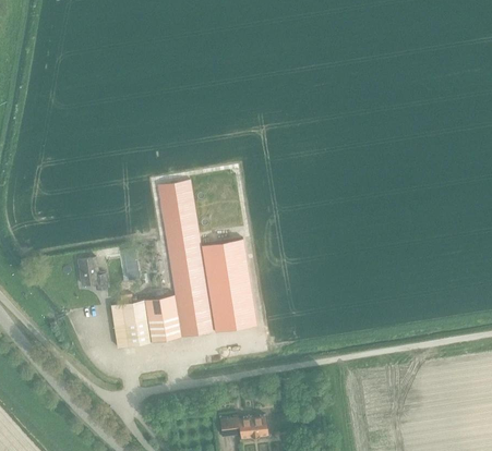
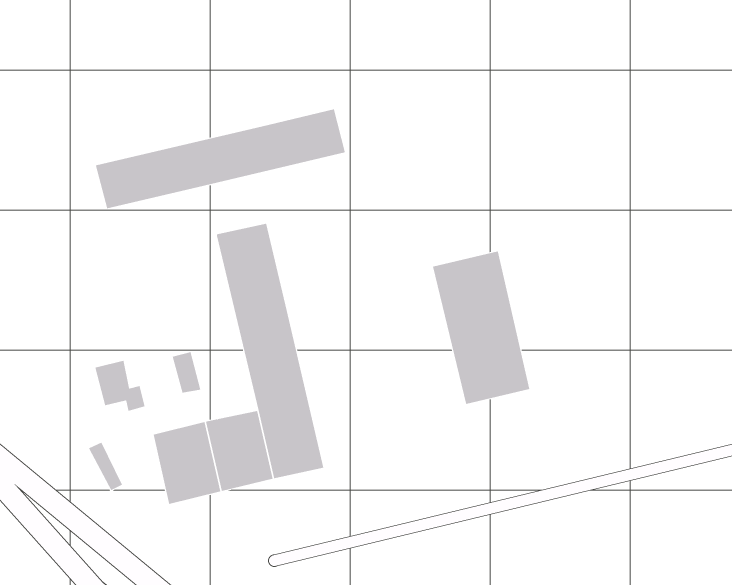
building: none -> [95,109,346,209]
building: [201,240,255,332] -> [432,251,530,405]

